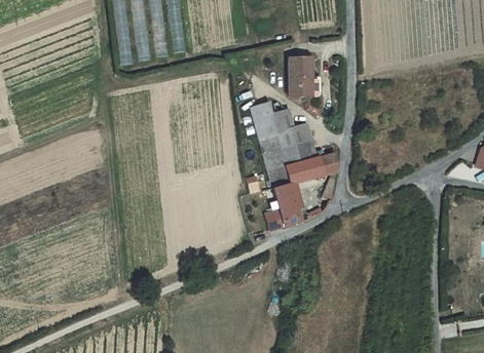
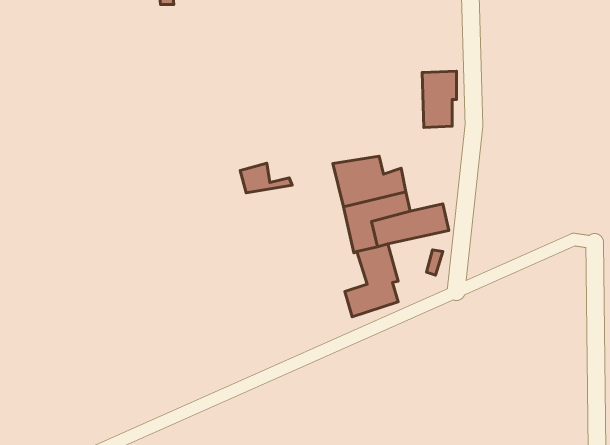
building: [287,58,310,97] -> [422,71,457,128]
building: [254,104,290,124] -> [240,163,292,193]

